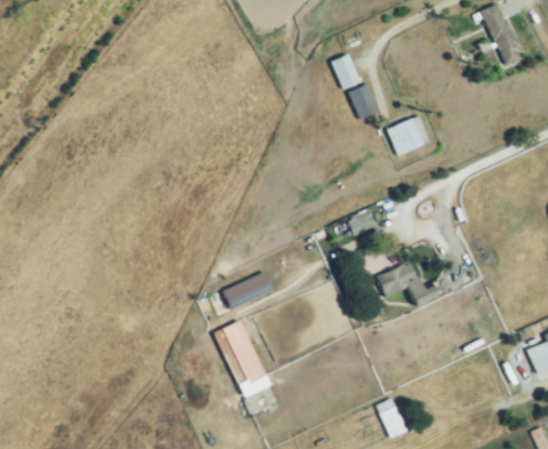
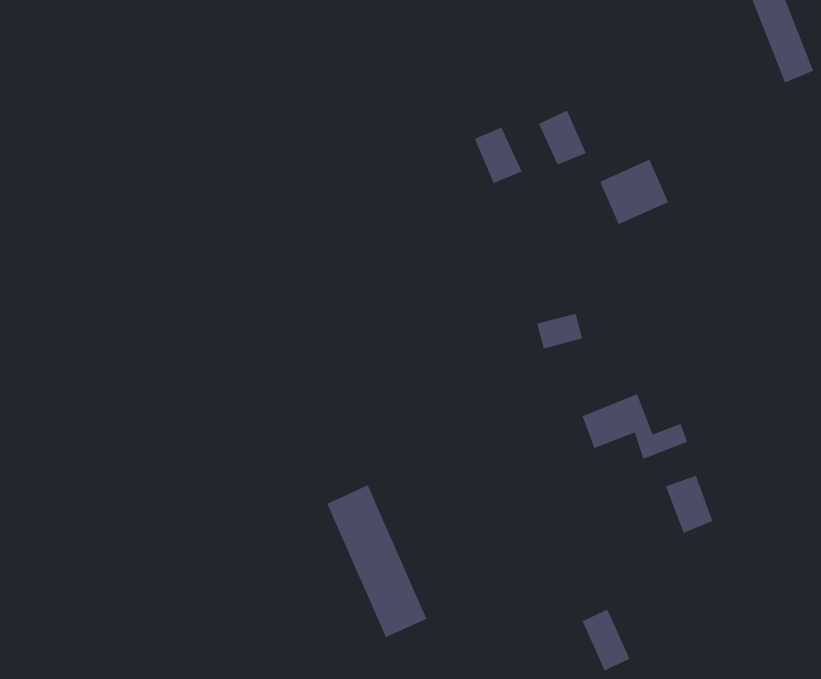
building: [330,53,361,90] -> [474,126,523,184]
building: [222,272,273,309] -> none
building: none -> [665,475,714,534]

